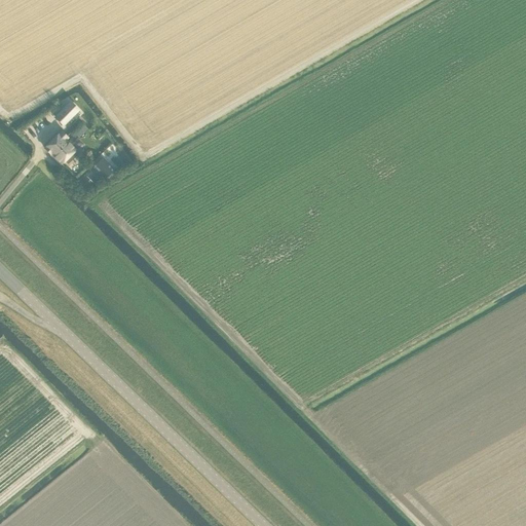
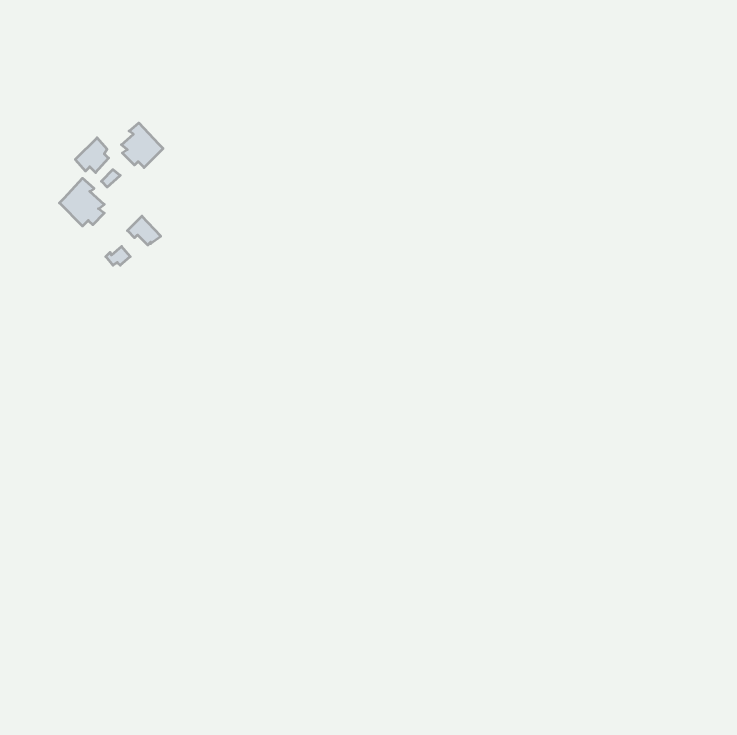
building: none -> [121,123,163,168]

